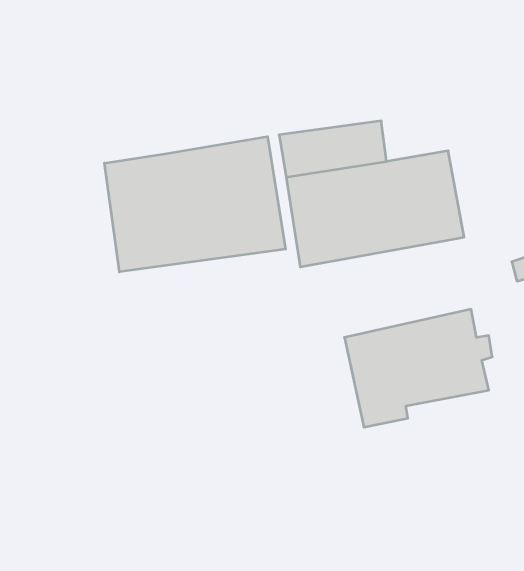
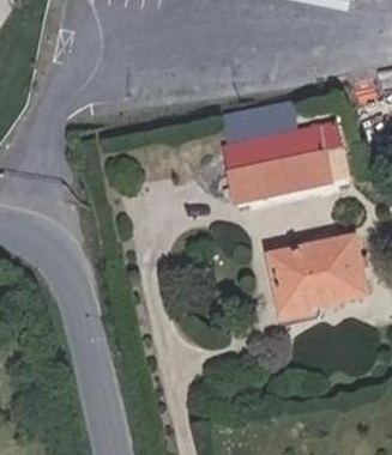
building: [104,137,286,272] -> none

